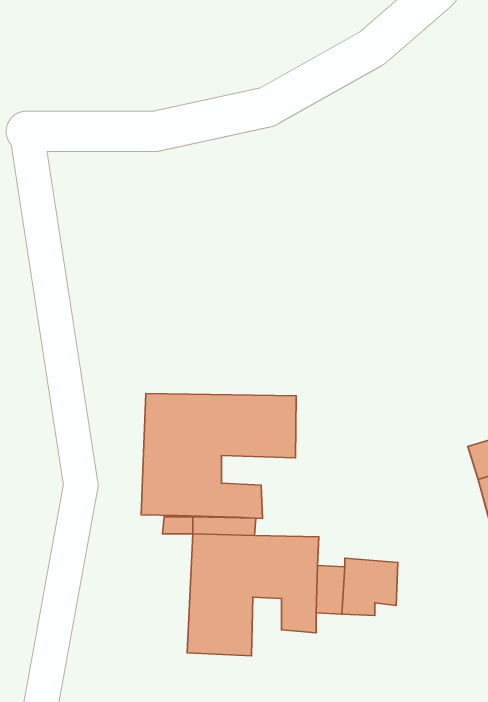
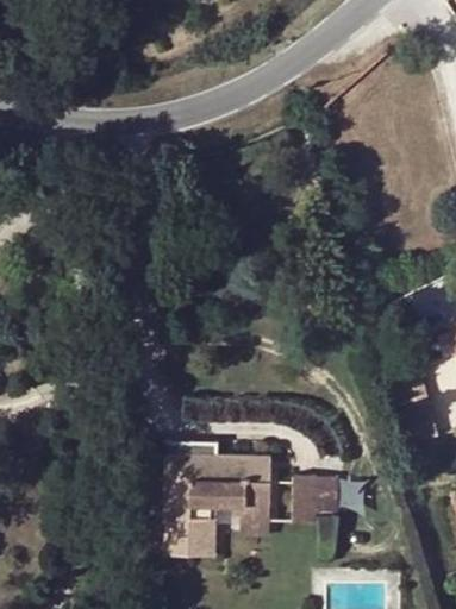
building: [141,393,296,519] -> none

